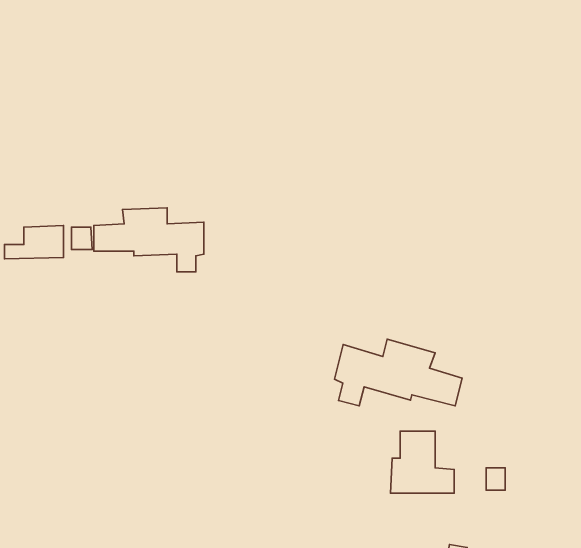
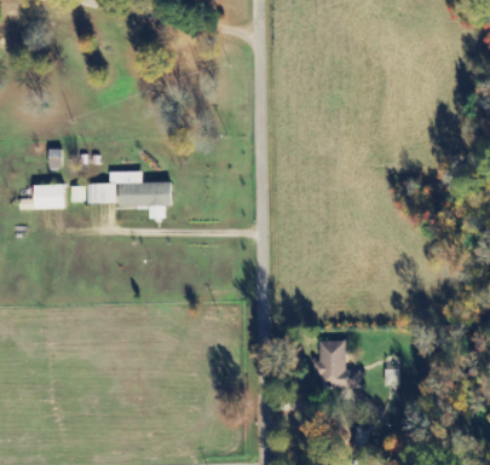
building: [335,339,462,406] -> none

